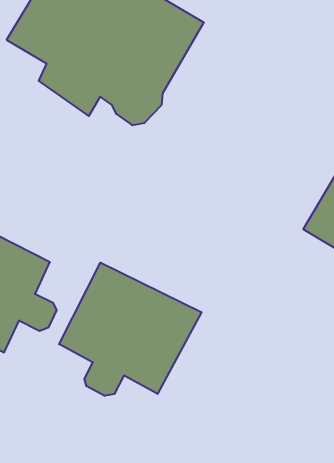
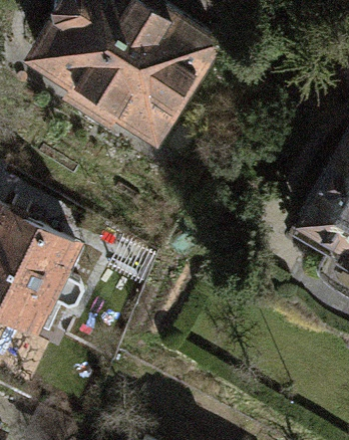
building: [59,263,201,396] -> none

